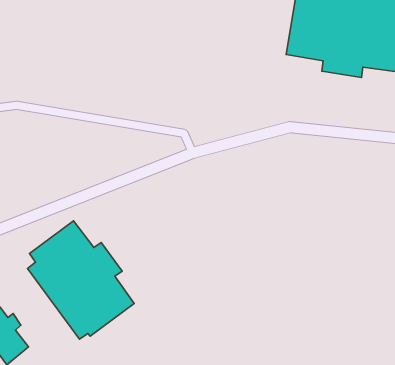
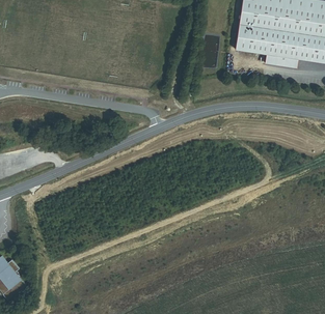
building: [28,221,134,339] -> none

